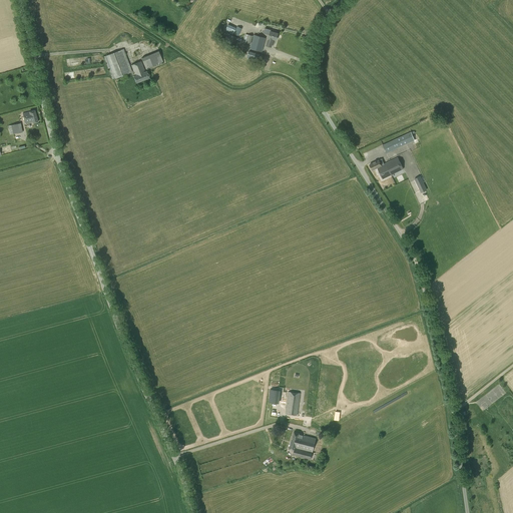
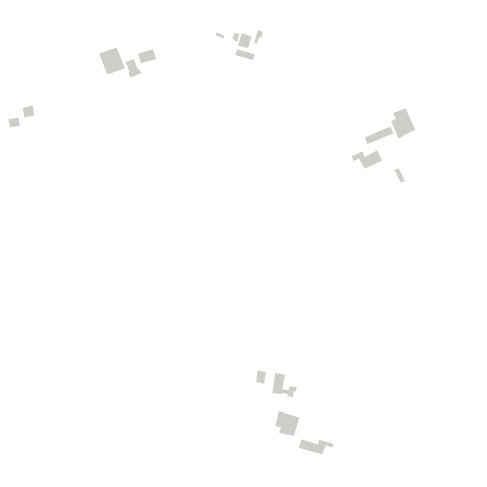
building: none -> [391,108,416,139]
building: none -> [298,439,334,455]

